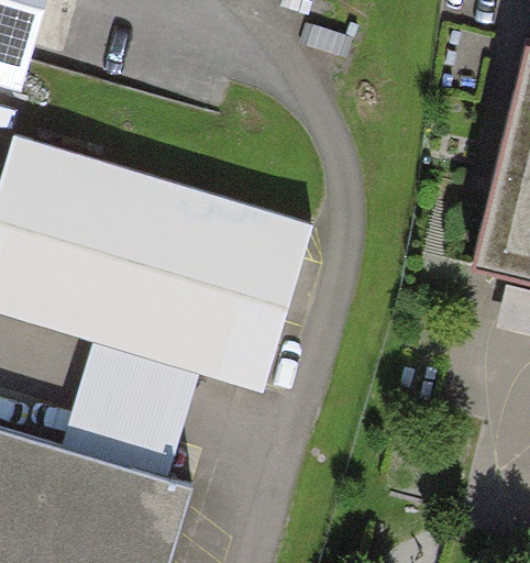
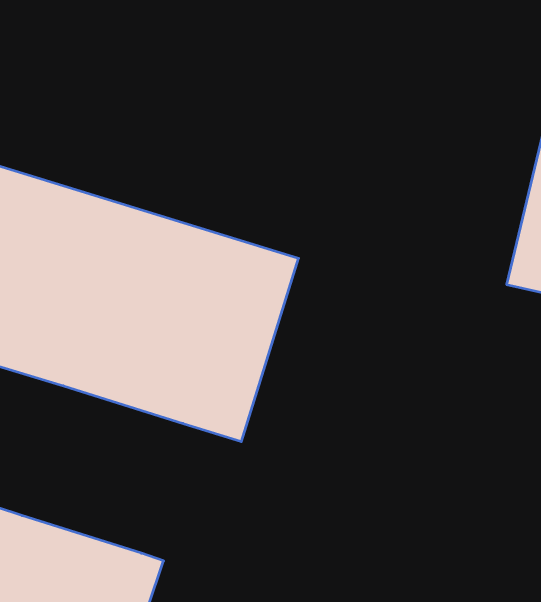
building: [64,335,200,477] -> none

